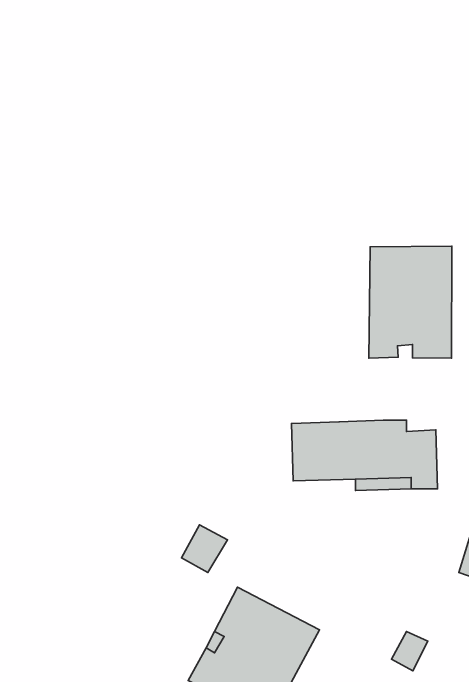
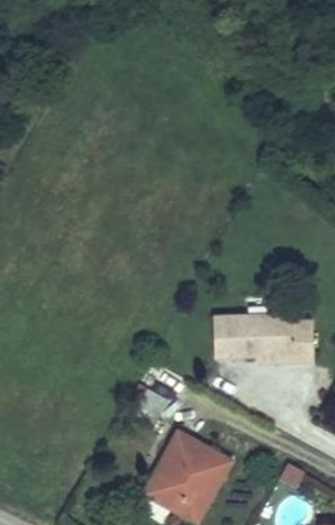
building: [369,246,452,358] -> none

